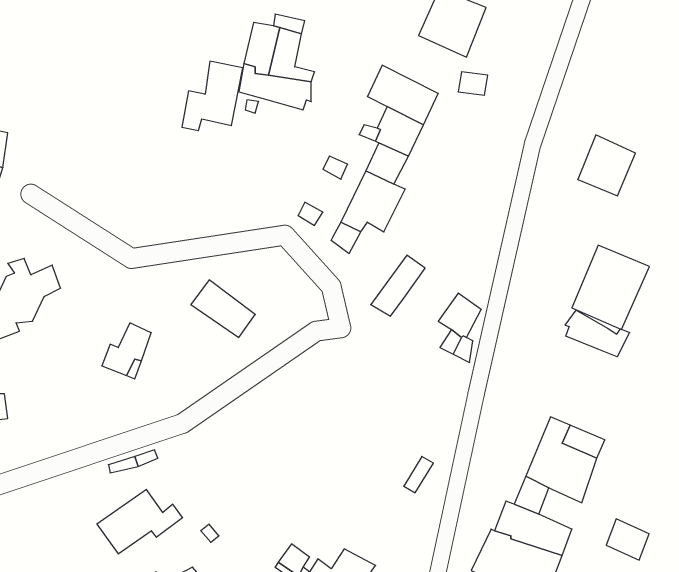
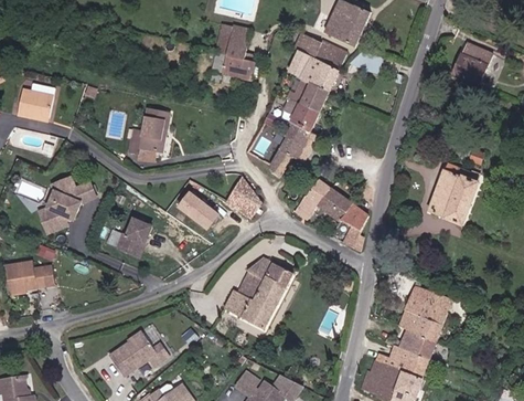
building: none -> [301,31,351,67]
building: [182,61,243,131] -> [127,110,168,157]
building: [578,135,635,196] -> [456,42,494,83]
building: none -> [232,175,264,213]
building: none -> [319,184,355,220]
building: [565,310,630,357] -> none
building: none -> [226,256,297,328]
building: [606,519,649,560] -> [409,331,438,359]

